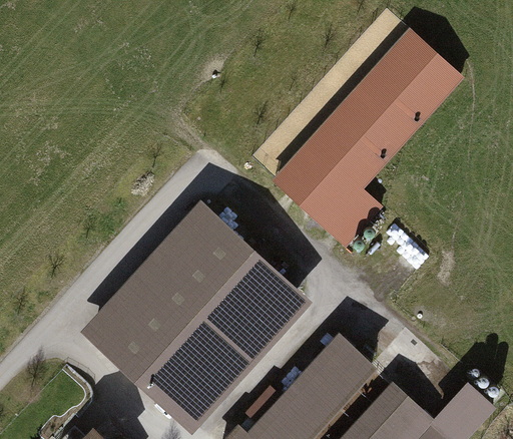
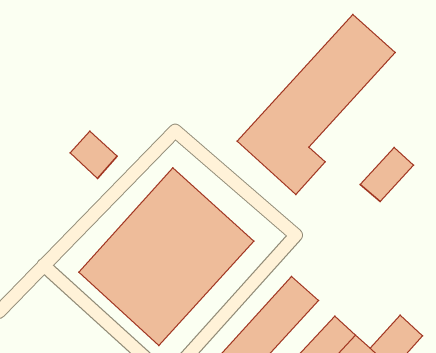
building: none -> [70,131,117,178]
building: none -> [360,148,413,202]

